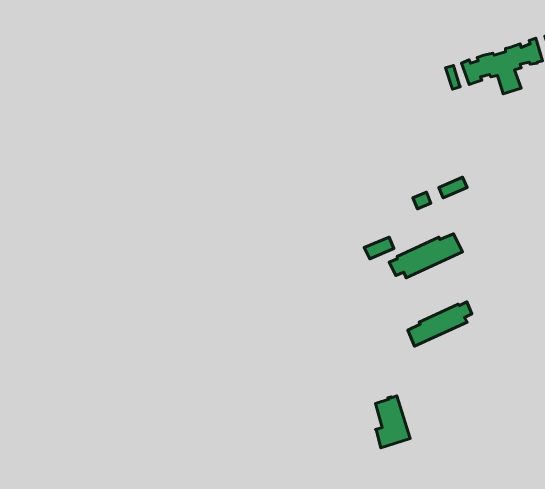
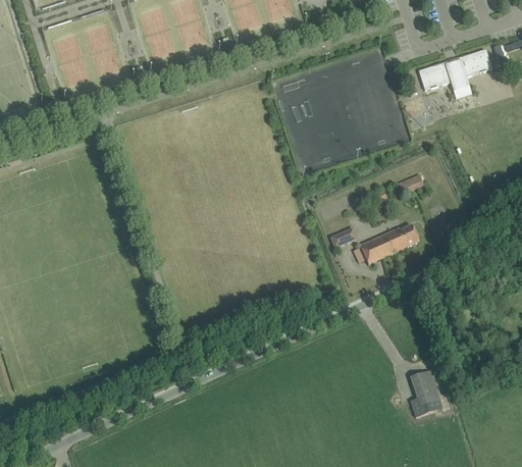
building: [408,302,472,346] -> none
building: [375,396,410,448] -> [411,369,442,416]

